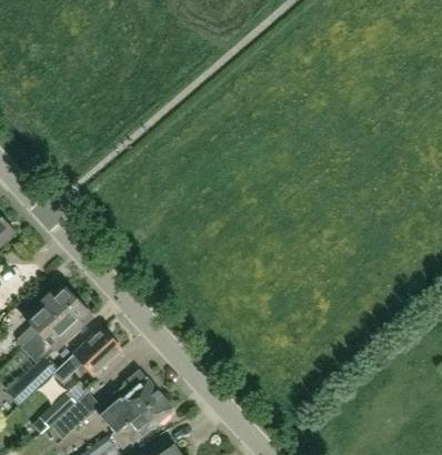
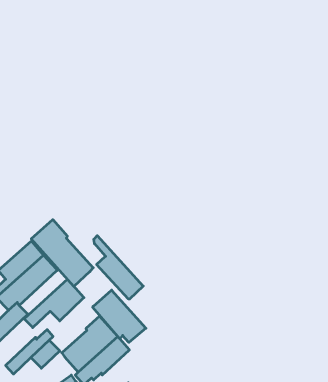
building: none -> [31,220,93,286]
building: none -> [94,236,143,299]
building: none -> [93,290,146,342]

